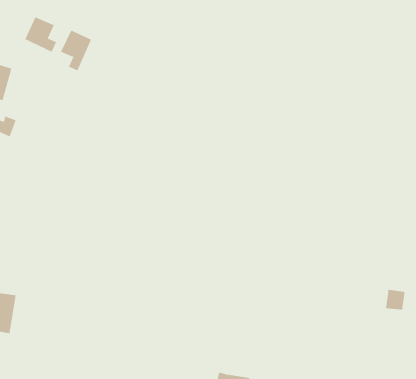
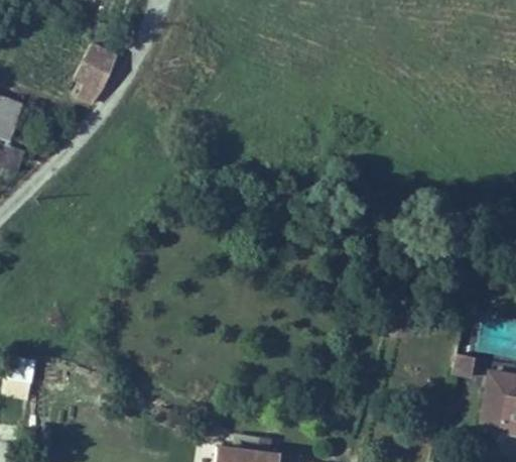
building: [25,16,57,52] -> none

